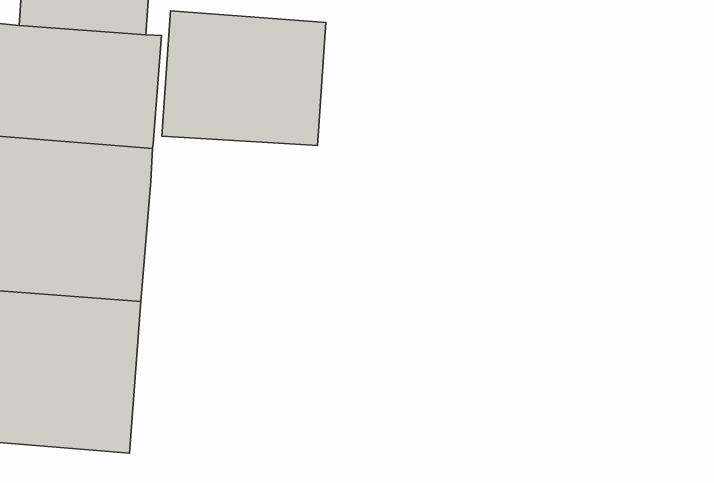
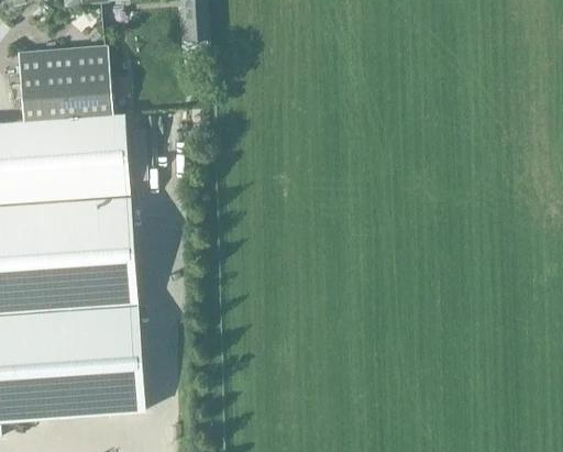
building: [162,11,326,146] -> none

